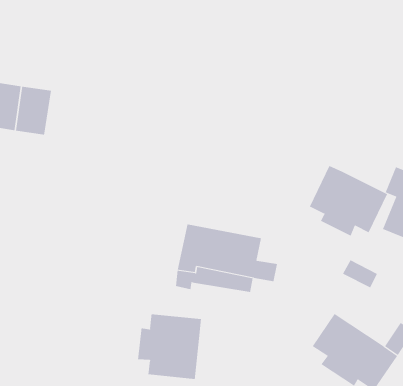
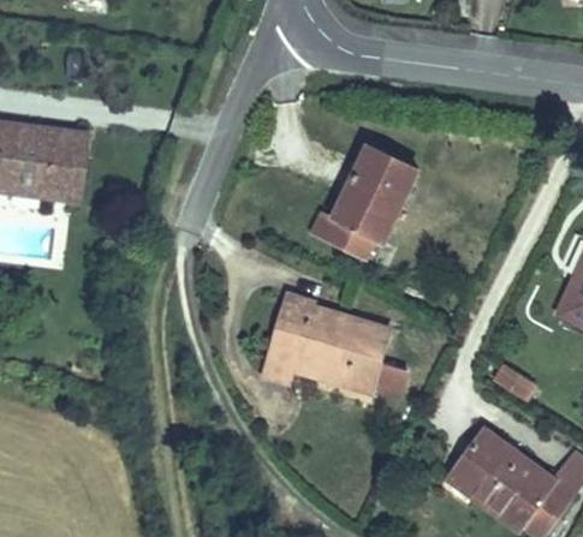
building: none -> [317,142,416,265]
building: [309,165,388,236] -> none
building: [137,314,201,380] -> none

